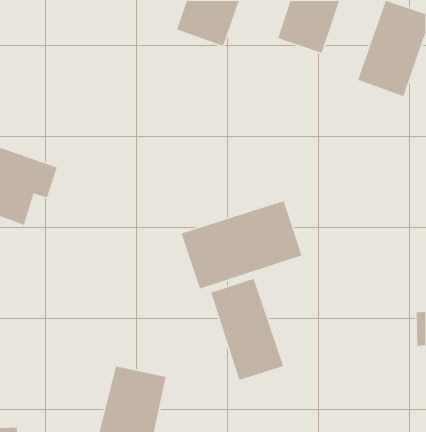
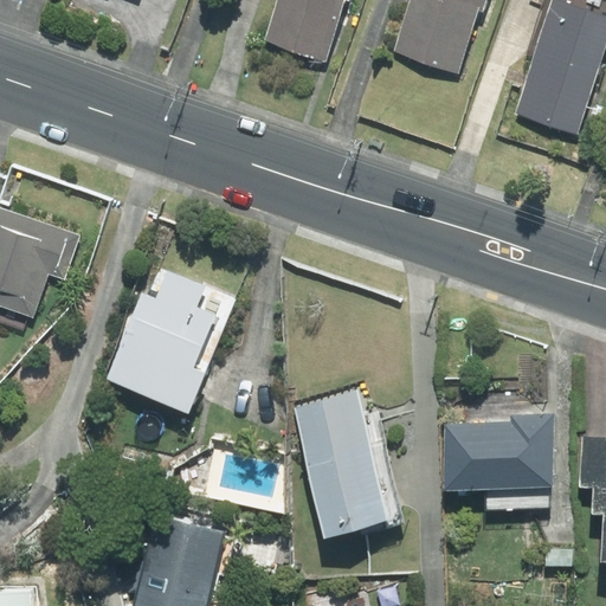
building: none -> [111,269,223,406]
building: [181,200,302,290] -> none
building: none -> [447,412,556,489]

